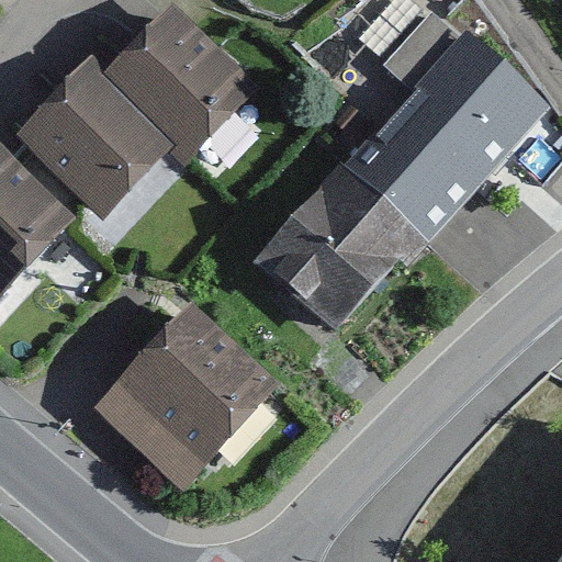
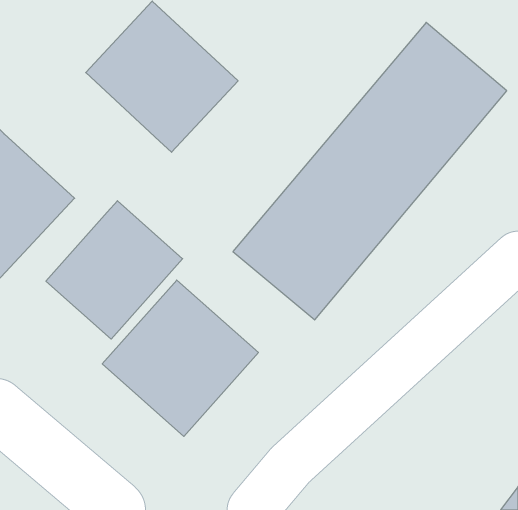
building: [4,65,171,231] -> none
building: none -> [46,201,183,339]

